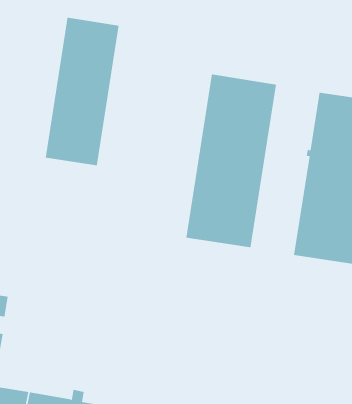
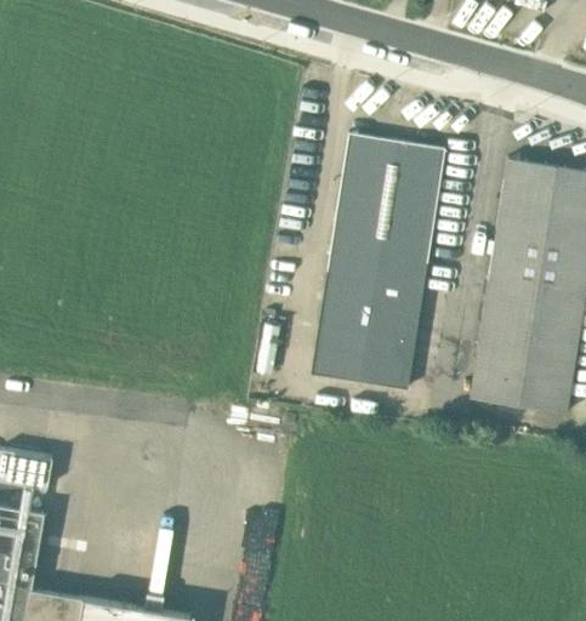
building: [45,17,119,166] -> none

